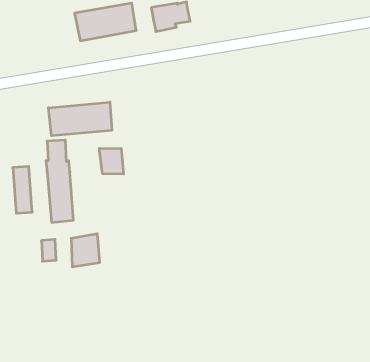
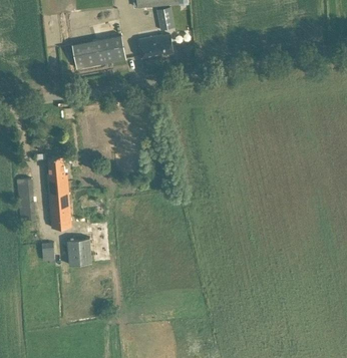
building: [48,102,112,136] -> none
building: [99,148,124,174] -> none

